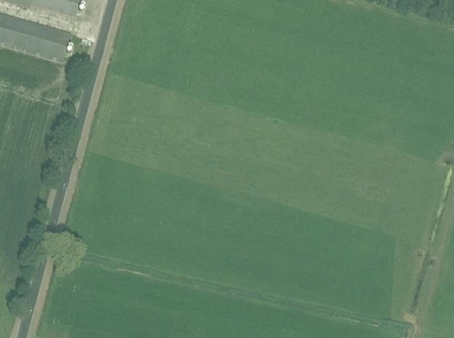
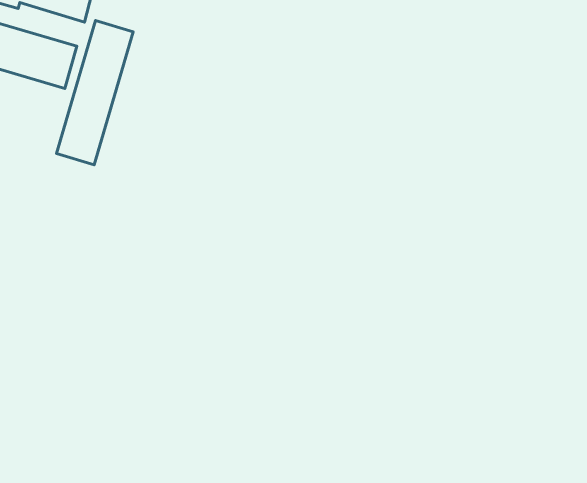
building: none -> [57,20,133,165]

